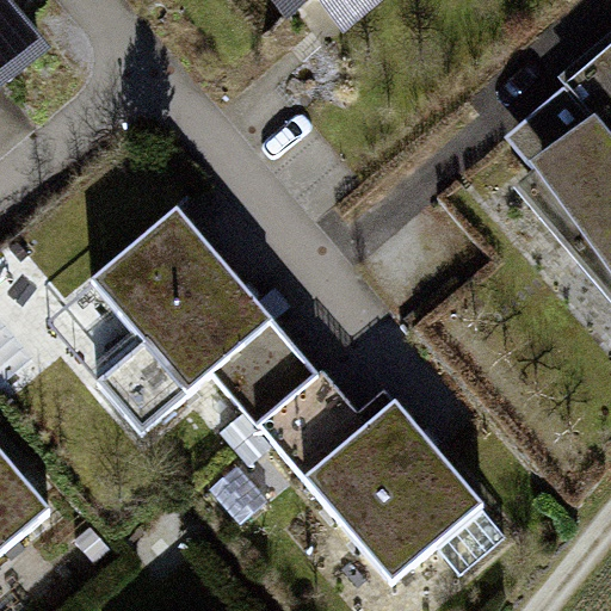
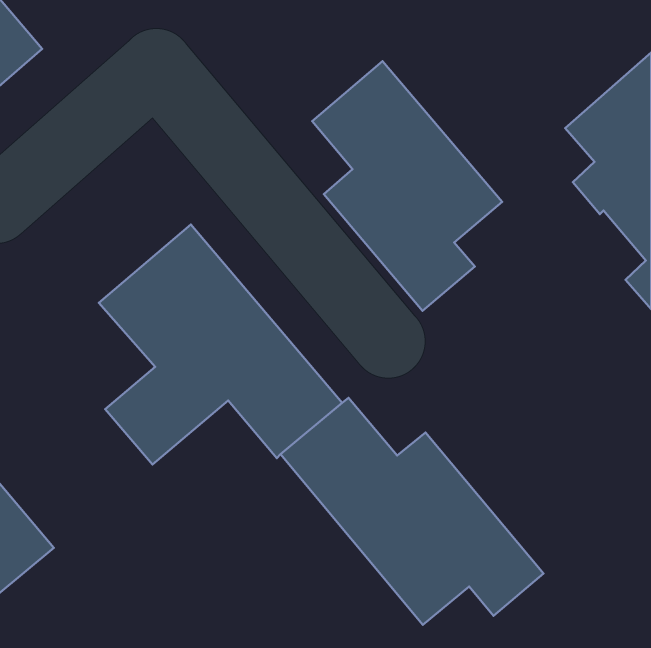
building: none -> [312,61,502,311]

